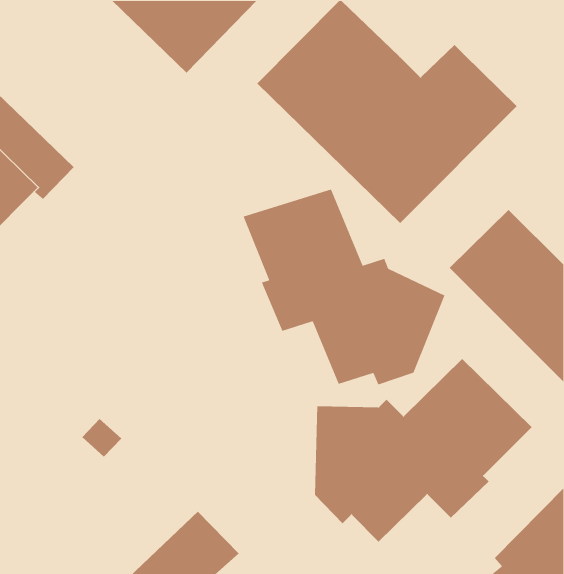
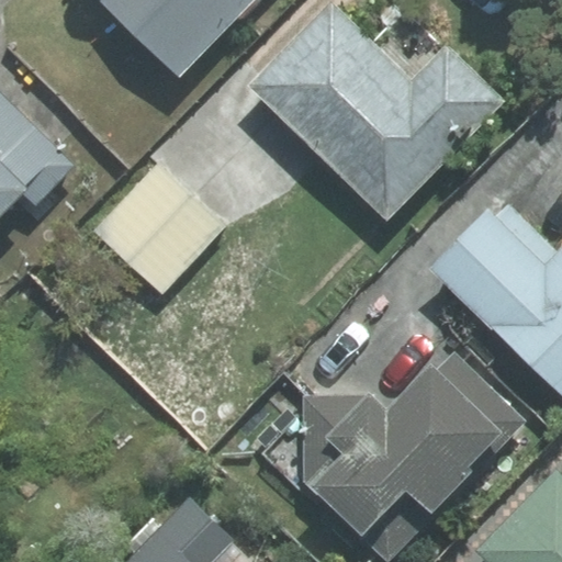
building: none -> [93,160,224,290]
building: [242,189,446,386] -> none

